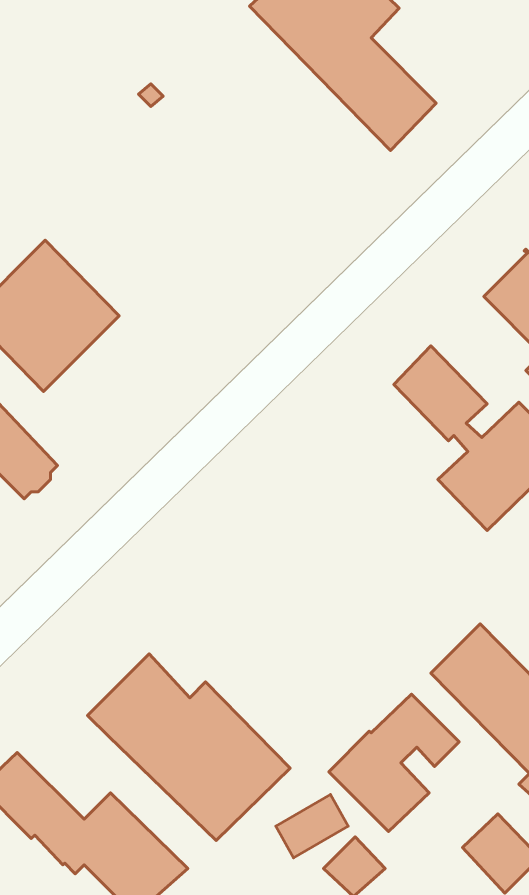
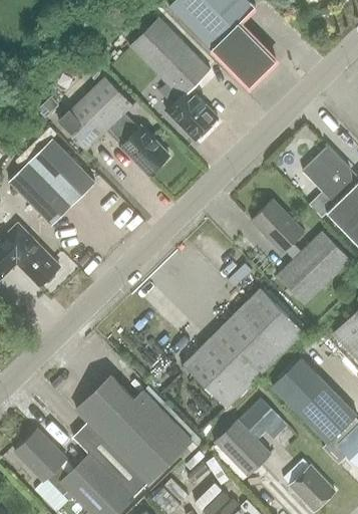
building: none -> [129,18,217,141]
building: none -> [58,77,168,175]
building: none -> [184,288,303,408]
building: none -> [72,422,149,497]

